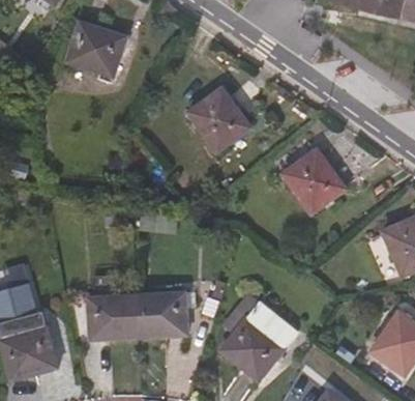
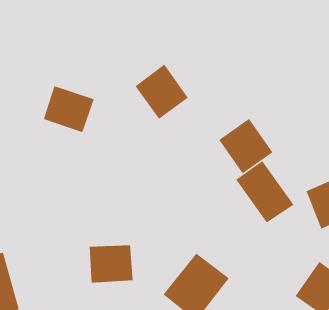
building: [67,22,126,77] -> [43,85,95,133]
building: none -> [235,160,295,224]
building: [82,295,138,339] -> none

